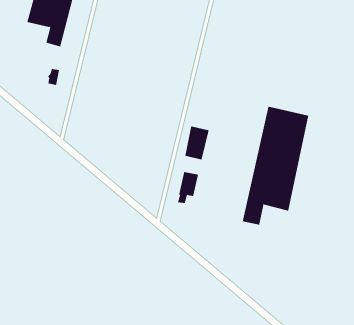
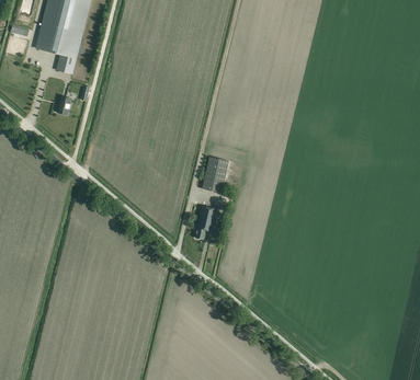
building: [242,106,309,225] -> none

